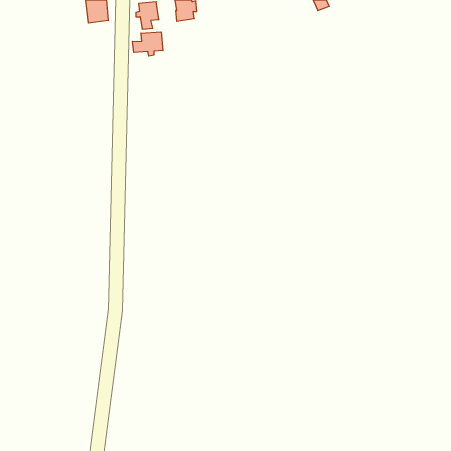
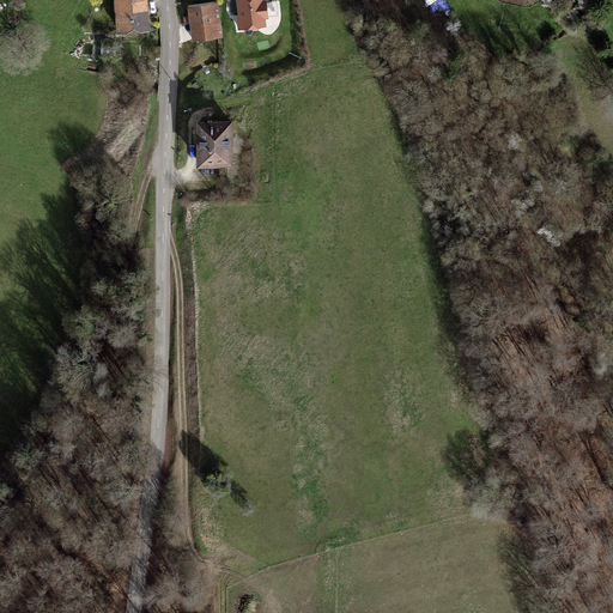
building: [133,32,163,56] -> none
building: none -> [199,121,230,163]

